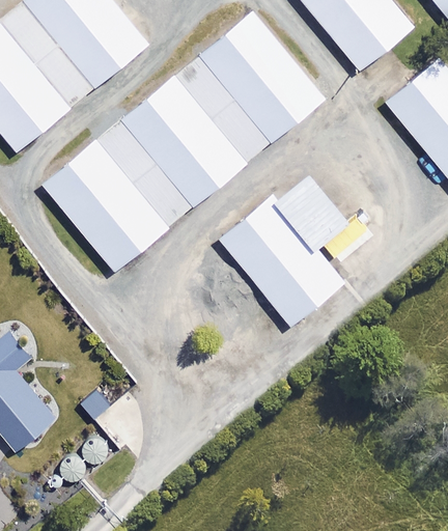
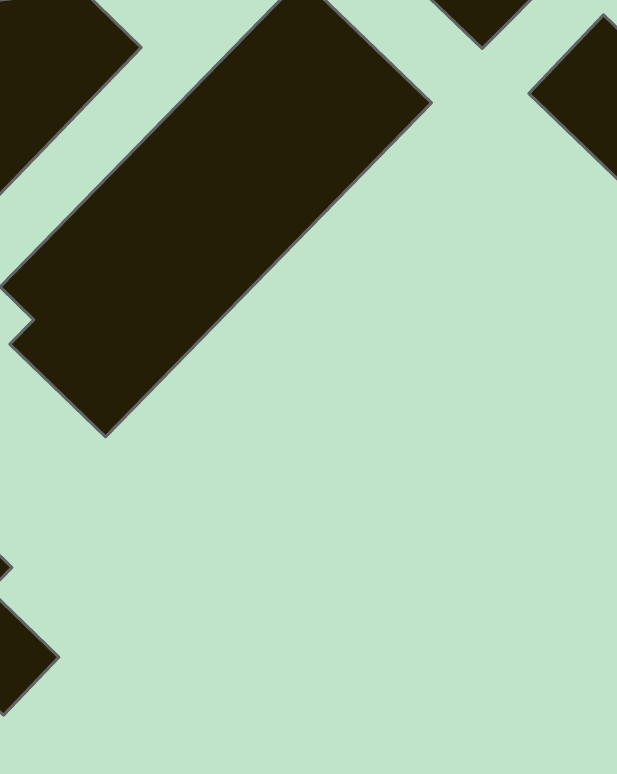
building: [220,173,346,325] -> none

